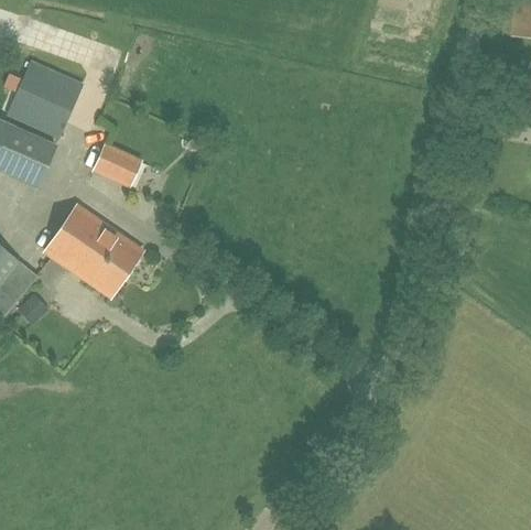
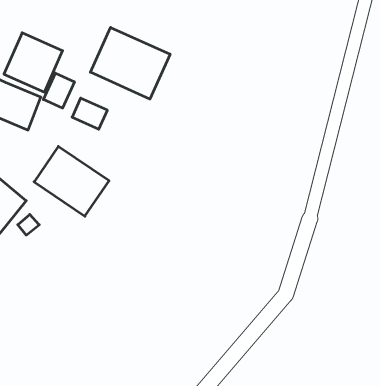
building: none -> [90,27,170,99]
building: none -> [43,73,74,108]

